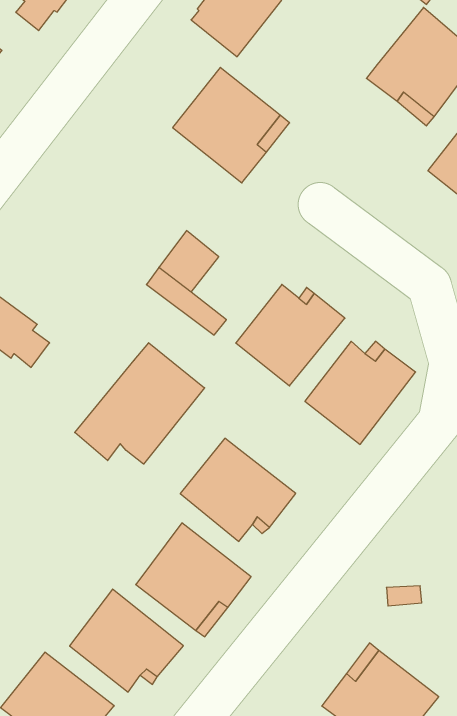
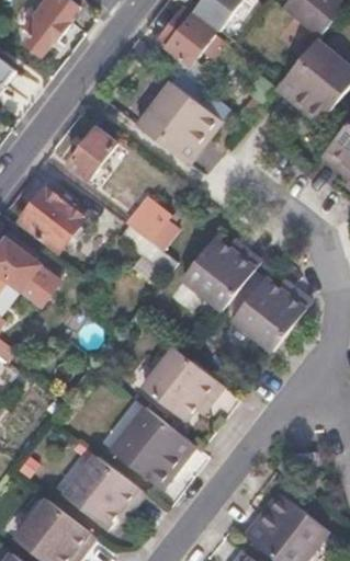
building: none -> [69,127,117,180]
building: none -> [20,187,84,250]
building: [75,343,205,464] -> none

